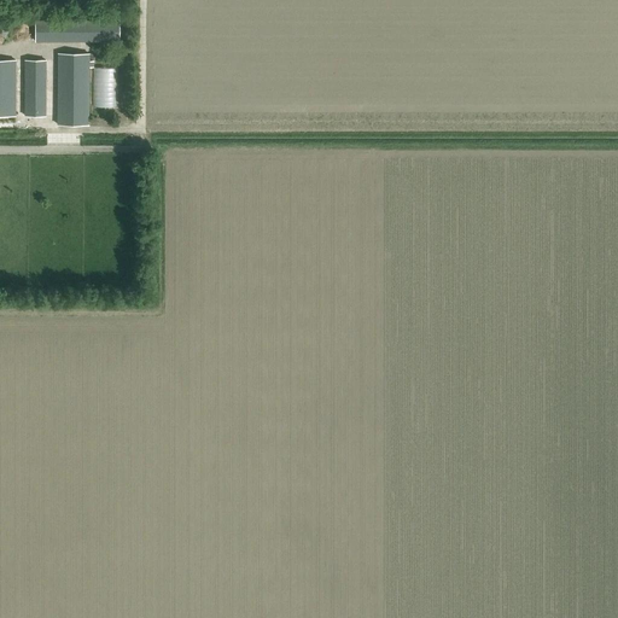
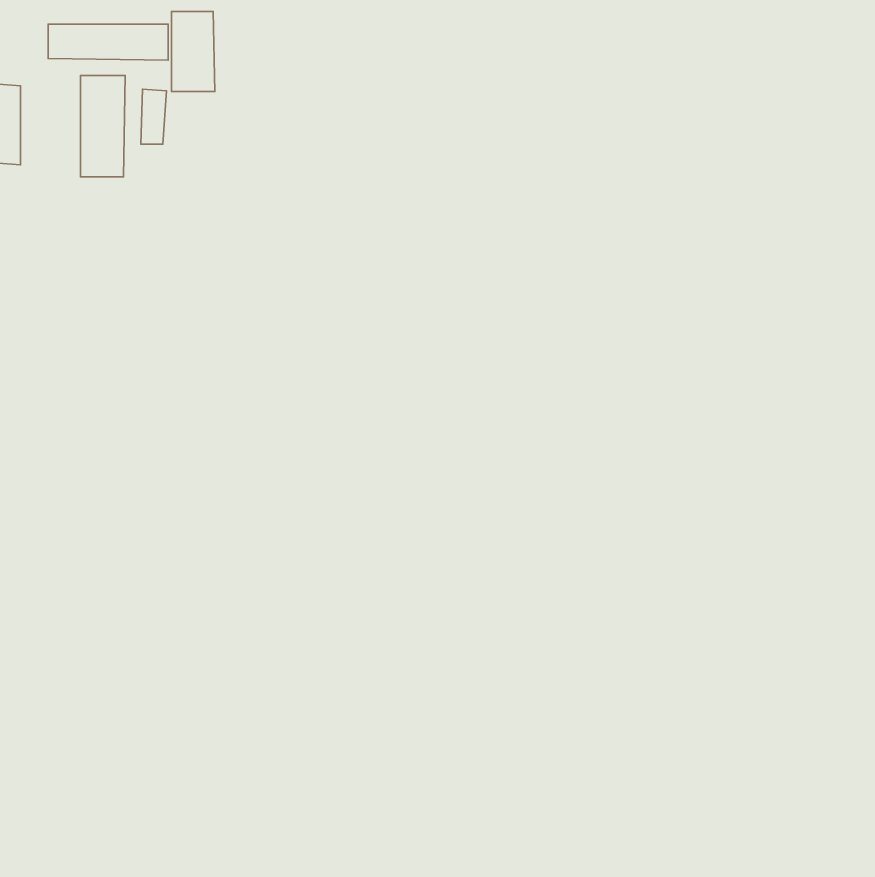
building: none -> [172,12,215,92]
building: [24,60,45,116] -> none

